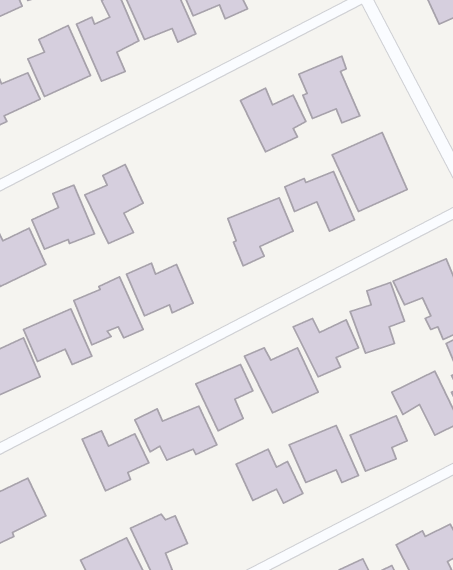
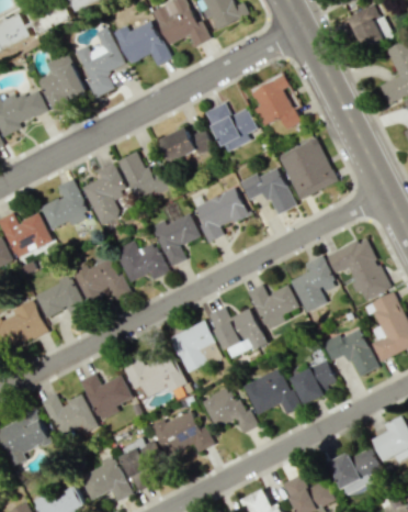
building: none -> [159,129,213,164]
building: none -> [118,153,171,199]
building: none -> [152,212,201,267]
building: none -> [43,393,98,436]
building: none -> [154,410,215,456]

